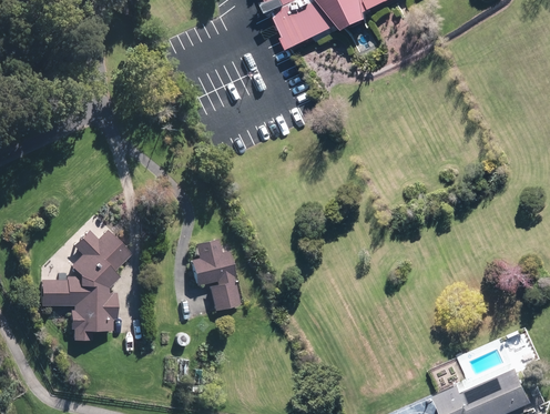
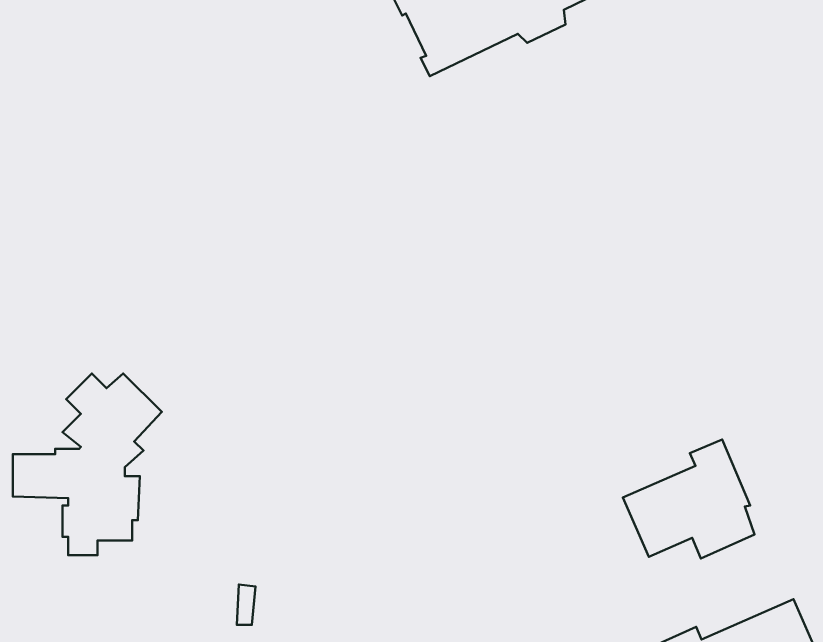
building: [192,238,241,310] -> none
building: none -> [623,440,754,558]

